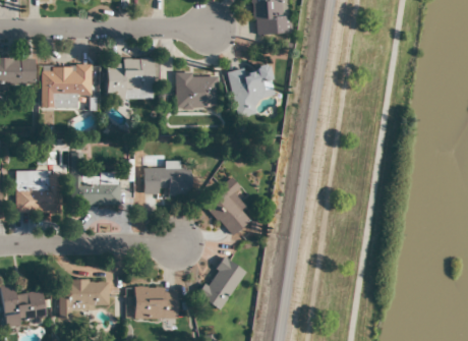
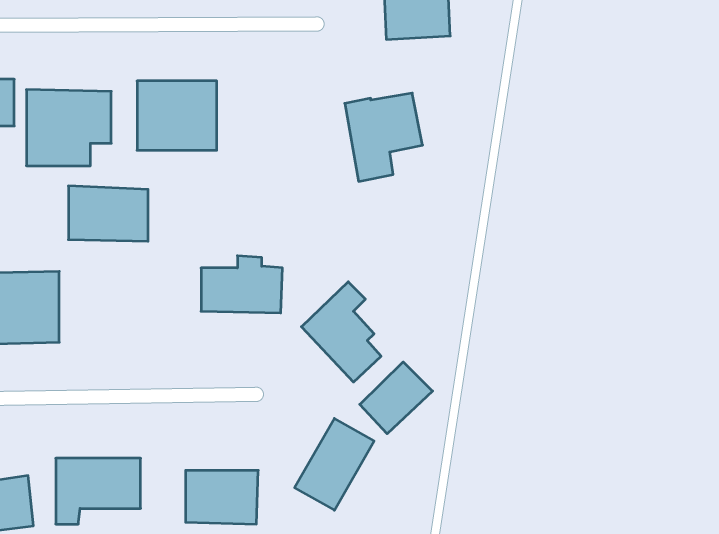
building: [176,73,218,108] -> none
building: [73,172,120,205] -> [68,186,148,241]
building: none -> [360,362,433,434]

